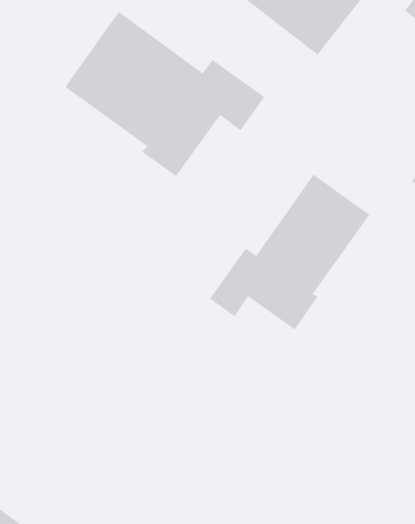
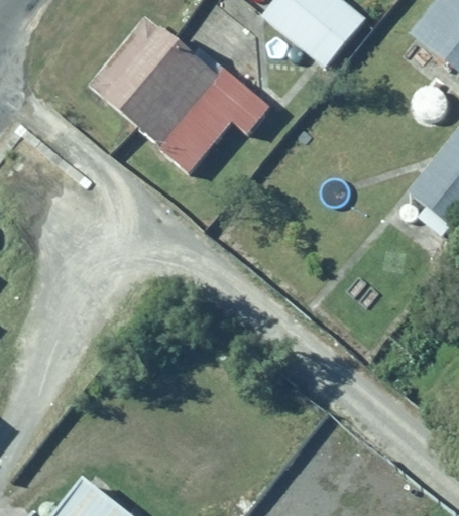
building: [209,174,370,330] -> none

